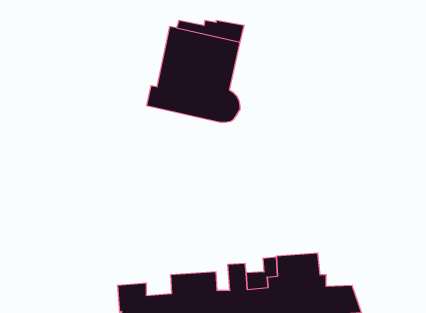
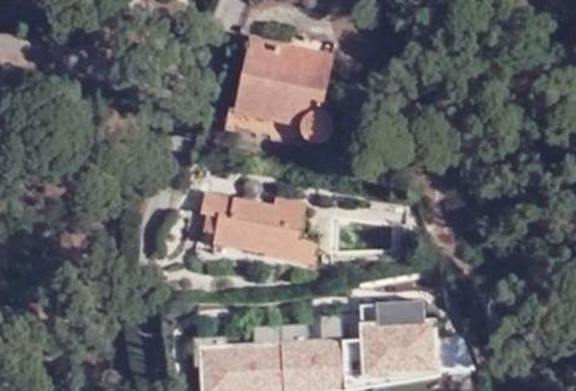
building: none -> [199,193,312,263]

